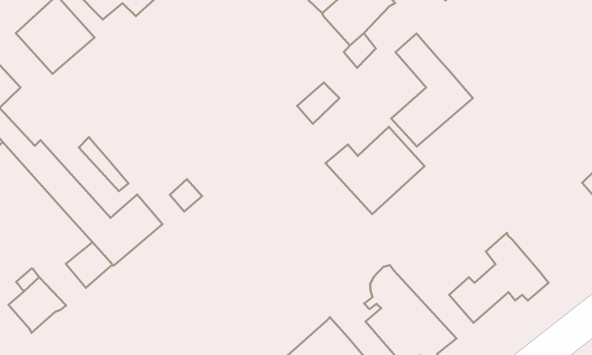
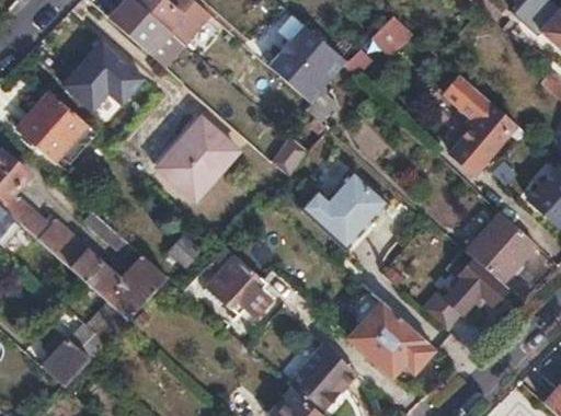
building: [391,33,473,147] -> [445,76,517,174]
building: none -> [156,118,238,200]
building: none -> [468,212,534,280]
building: none -> [203,255,272,315]

